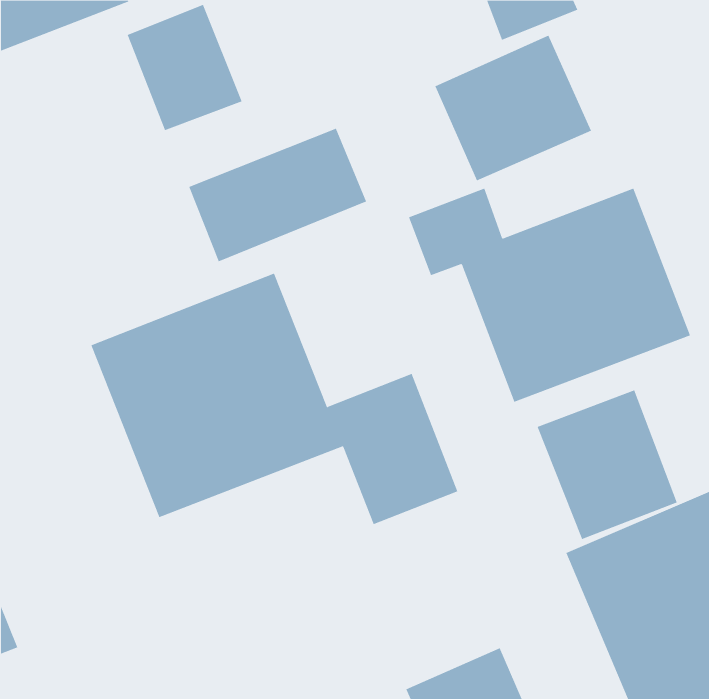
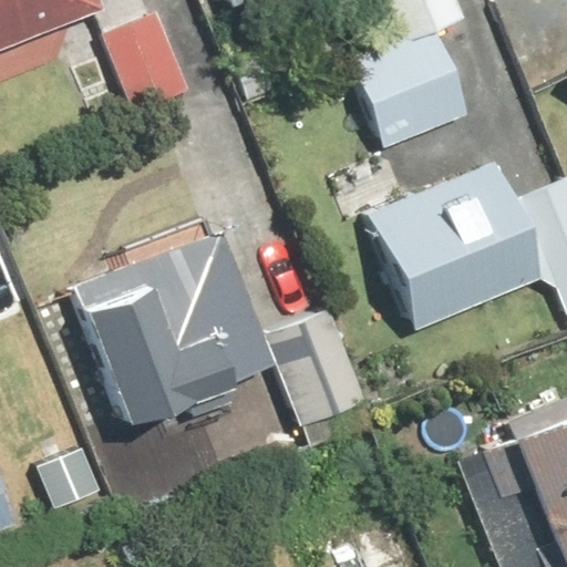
building: [188,128,367,262] -> none
building: [537,389,677,540] -> none

